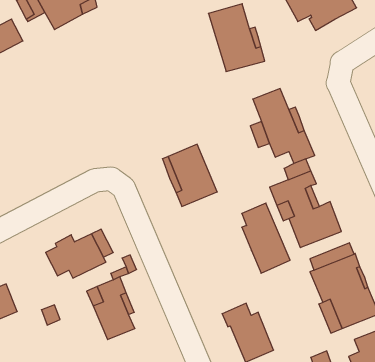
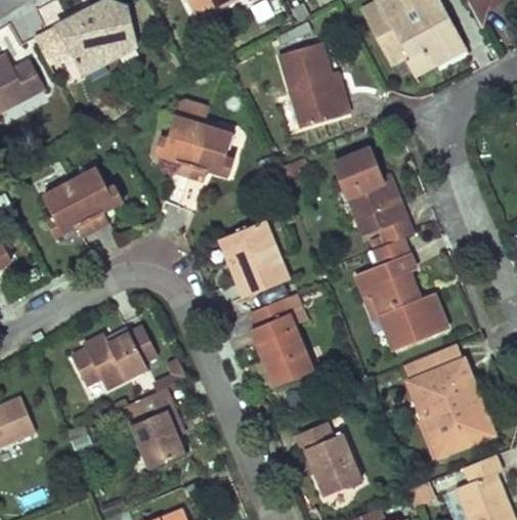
building: none -> [155,100,233,179]
building: none -> [42,167,123,235]
building: [242,203,290,273] -> [251,298,312,387]

